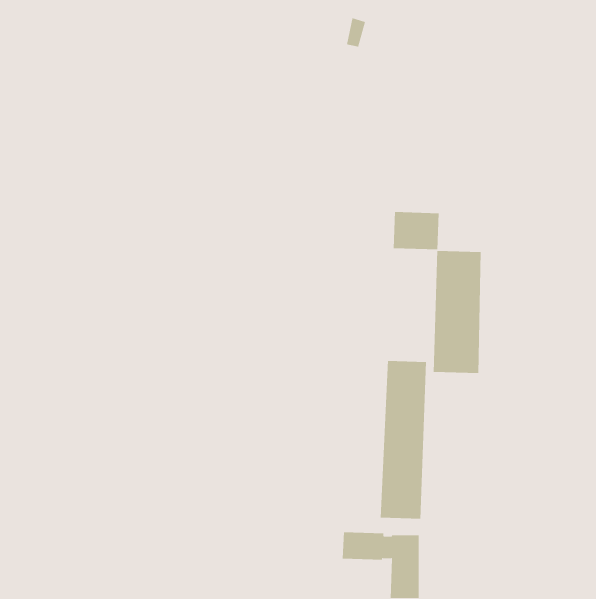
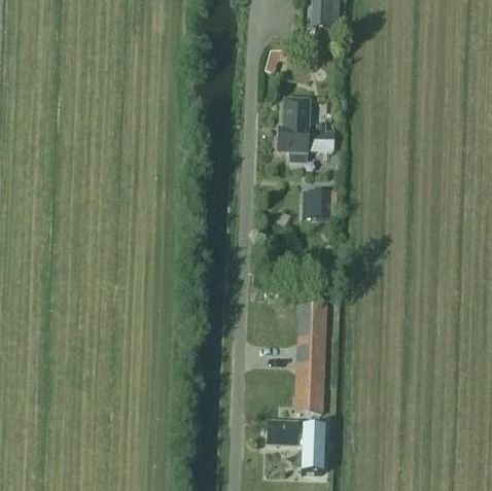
building: none -> [277,96,331,160]
building: [433,250,481,374] -> none

